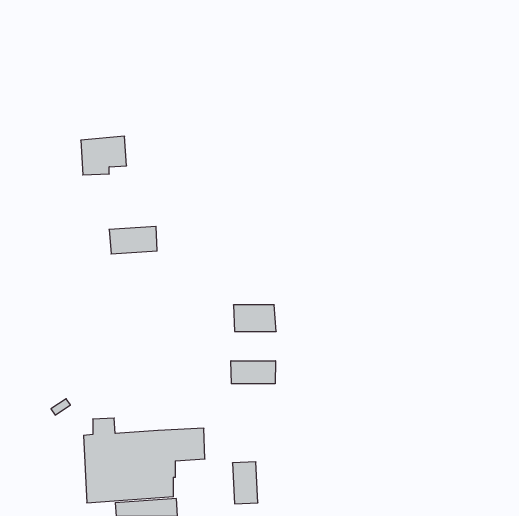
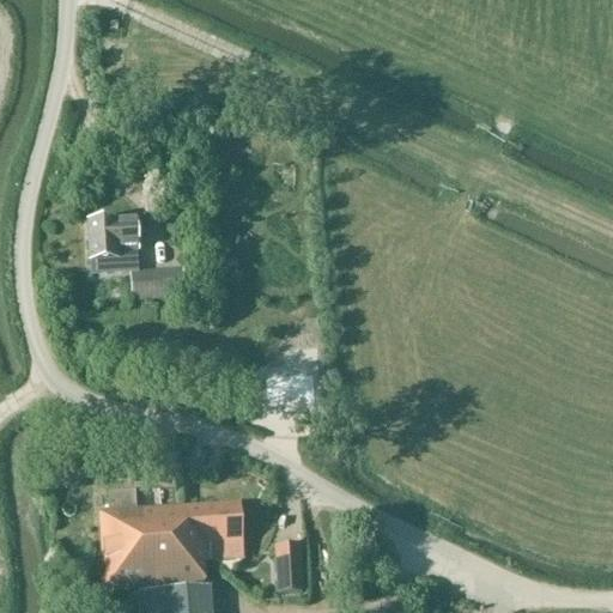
building: [81,136,127,175] -> [87,214,141,260]
building: [231,361,275,384] -> none

